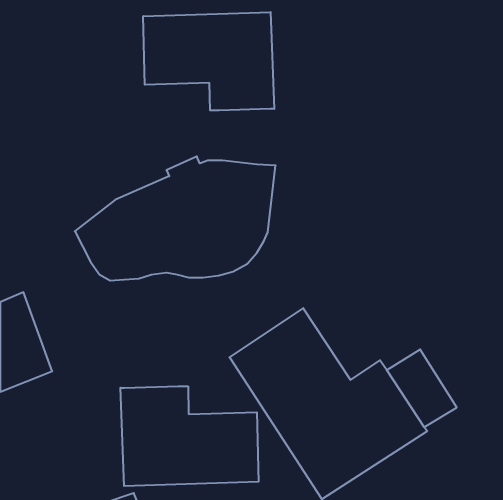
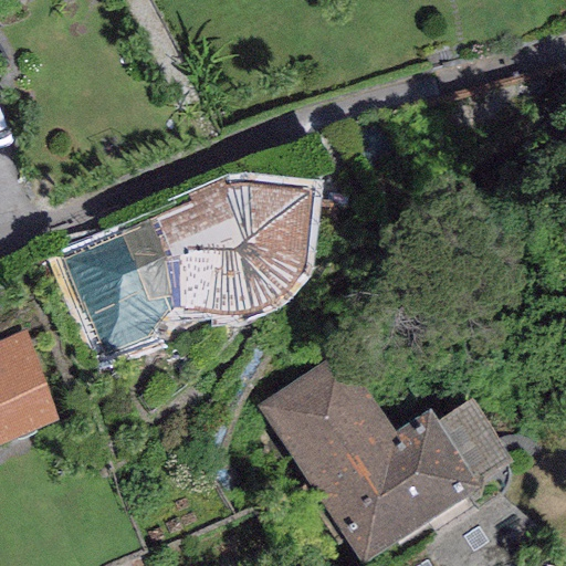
building: [143,12,274,110] -> none
building: [120,386,258,486] -> none

